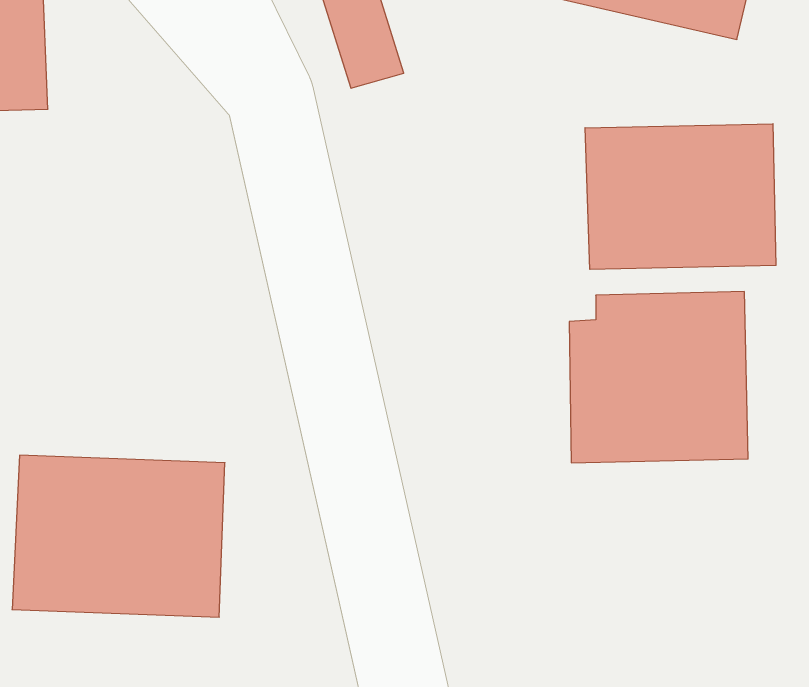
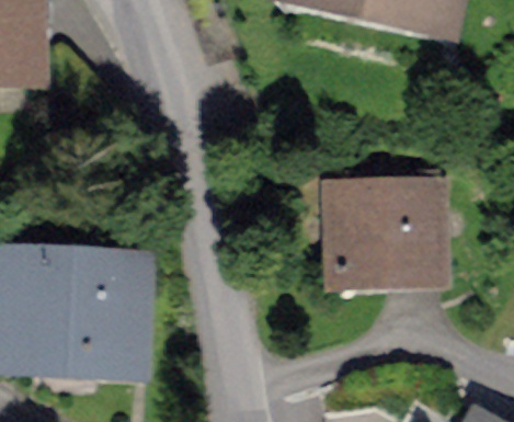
building: [585,124,776,269] -> none

